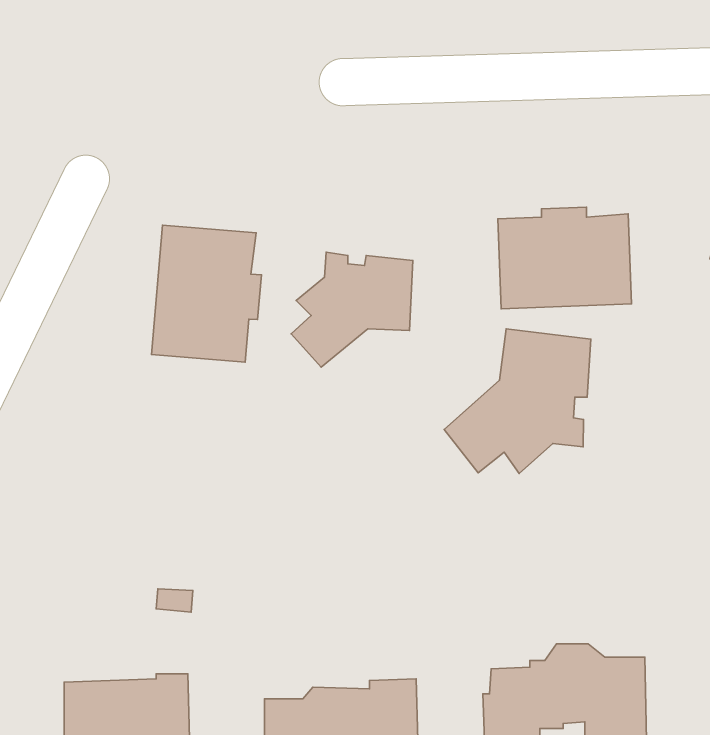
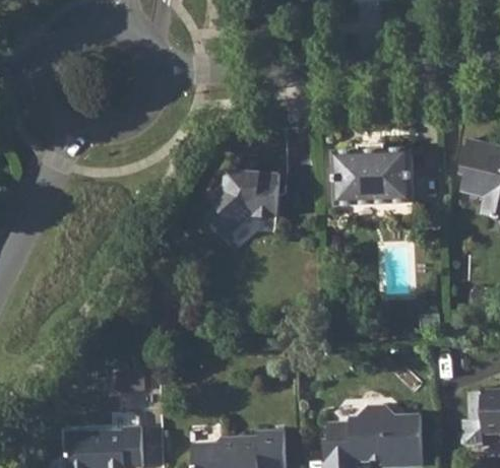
building: [152,225,261,362] -> none
building: [444,329,591,474] -> none

